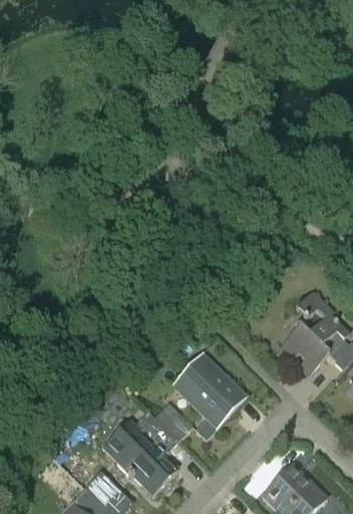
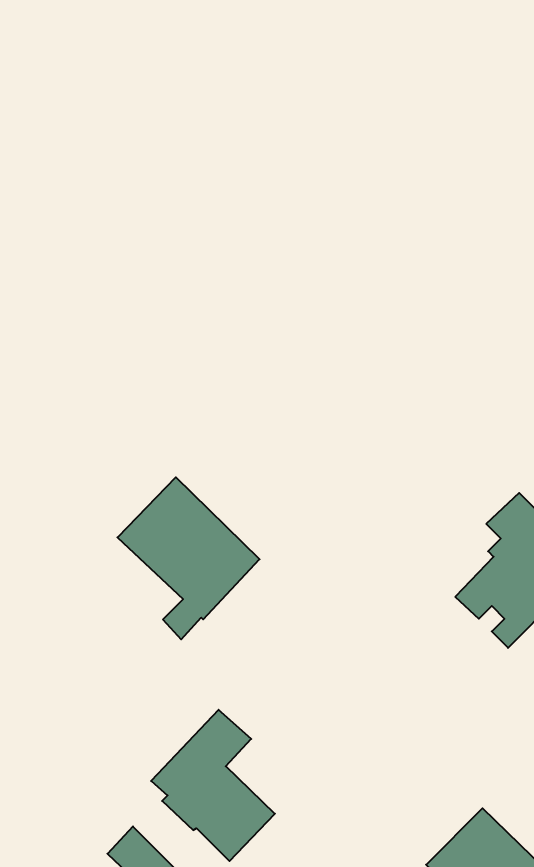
building: [169,351,248,441] -> [117,477,260,639]
building: [146,402,192,440] -> none

